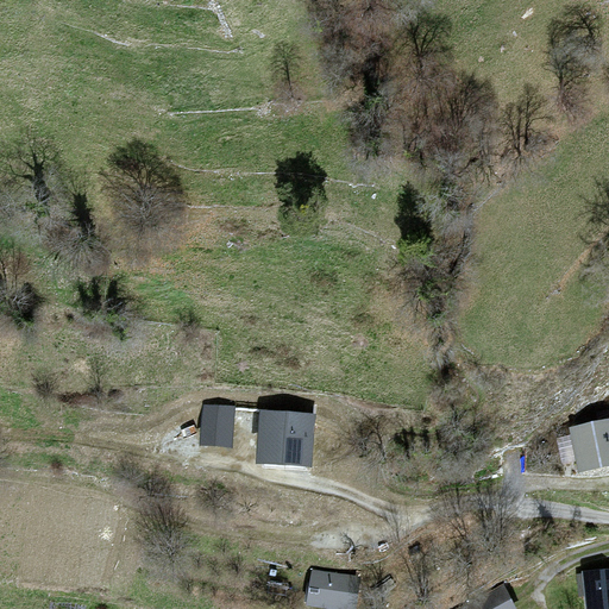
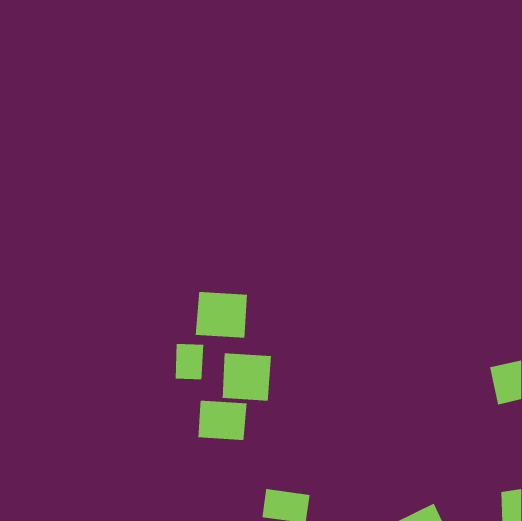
building: none -> [195,291,248,339]
building: none -> [198,400,248,441]

